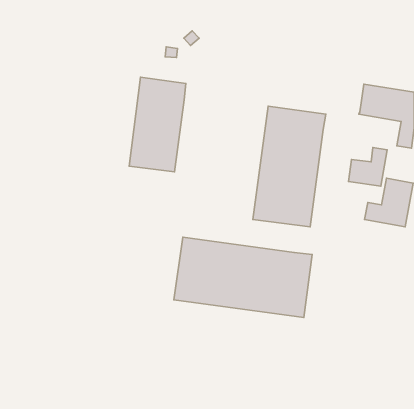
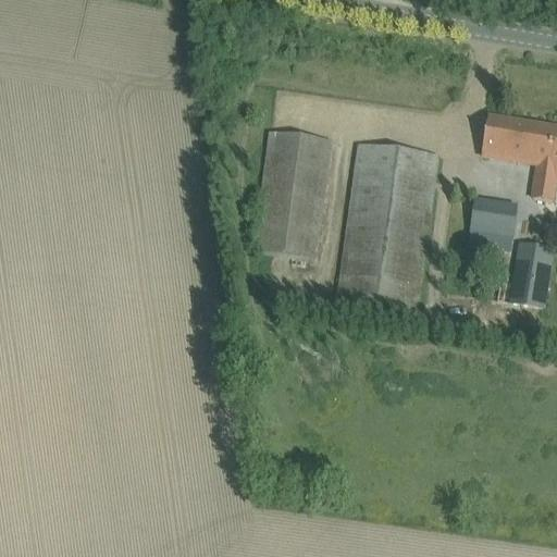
building: [129,77,186,172] -> [255,129,331,257]
building: [174,237,312,317] -> none

